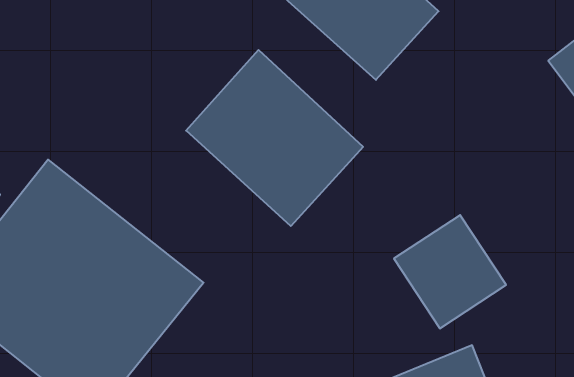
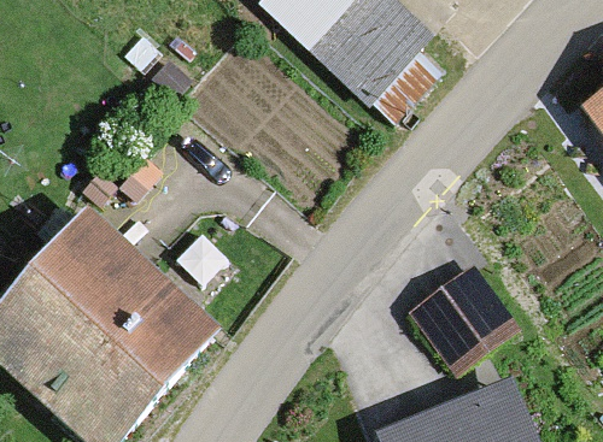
building: [186,50,363,226] -> none

